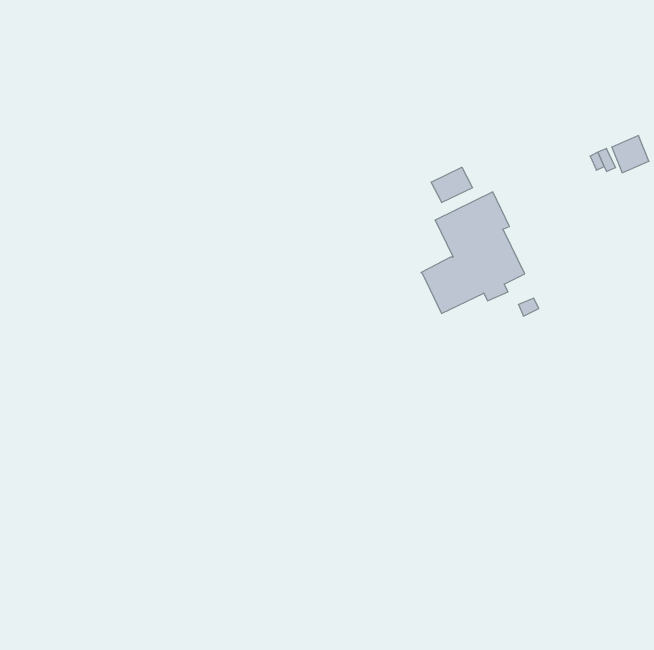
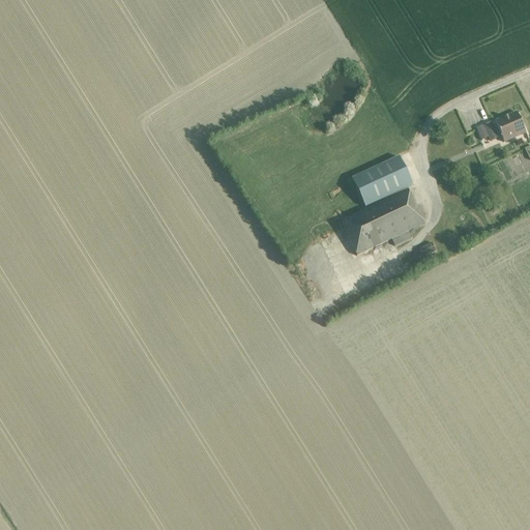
building: [431,167,473,203] -> none

